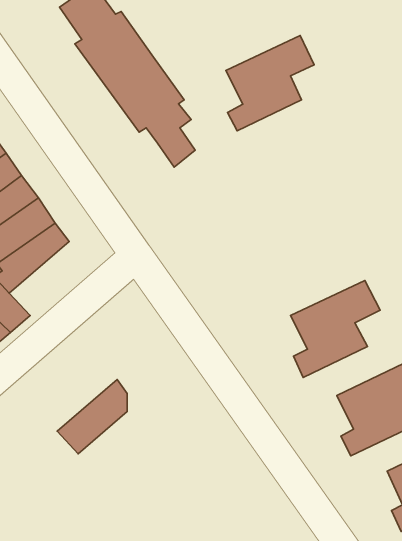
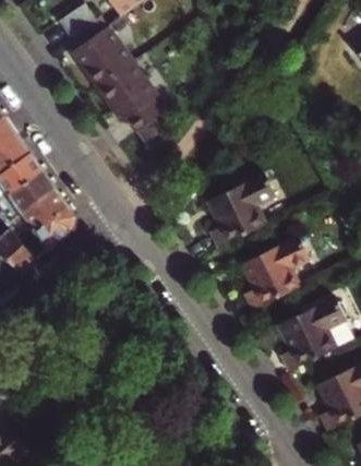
building: [226,35,314,131] -> [207,172,276,247]
building: [57,379,127,454] -> [21,204,75,262]

